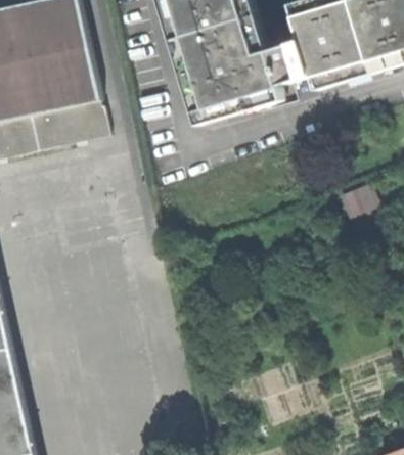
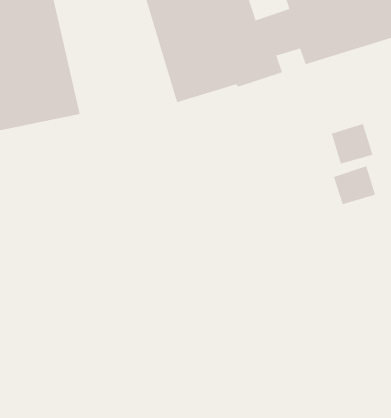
building: none -> [331,123,373,164]

